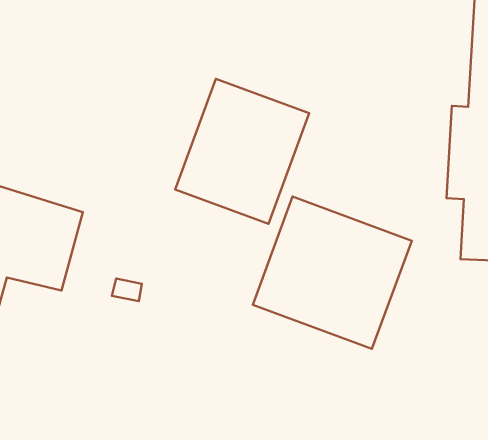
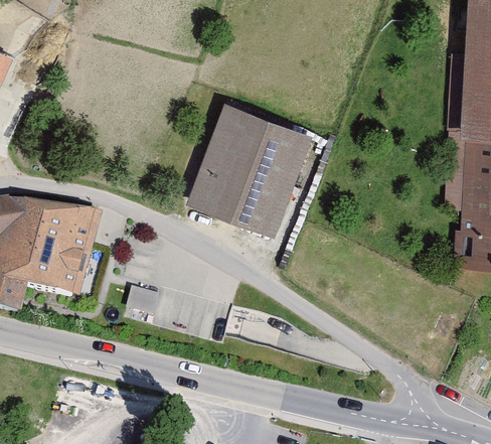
building: [253,197,412,349] -> none

